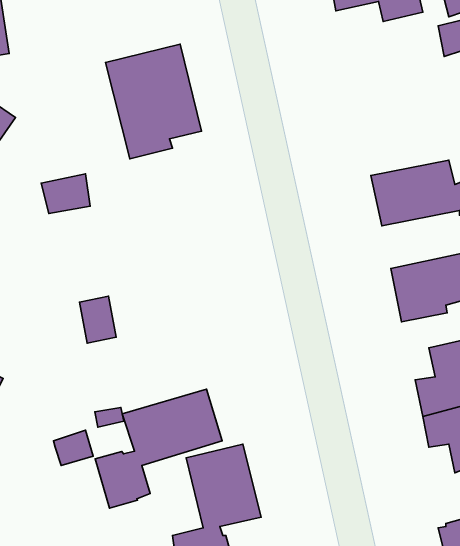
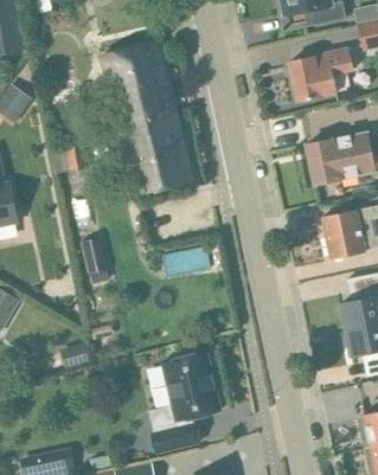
building: none -> [288,49,354,101]
building: none -> [118,109,192,193]
building: [95,389,222,508] -> none

